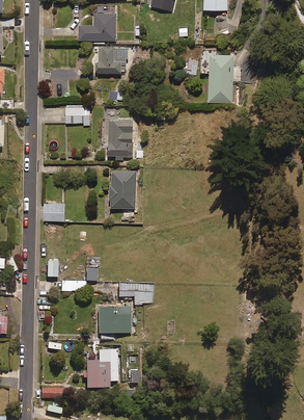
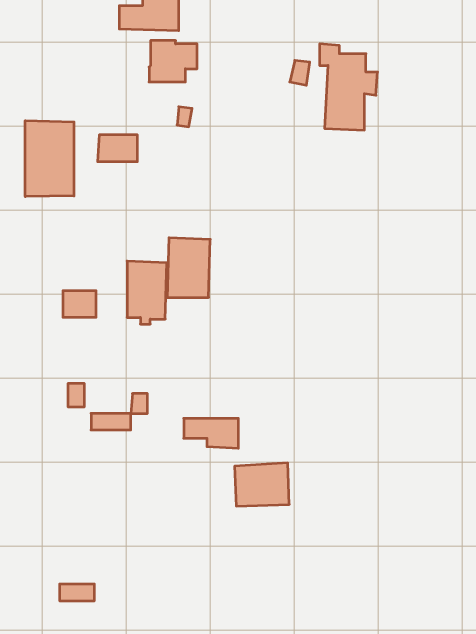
building: none -> [25,121,74,197]
building: [108,121,133,160] -> [127,261,167,324]
building: [98,307,132,334] -> [235,463,289,506]
building: [85,349,118,389] -> none

